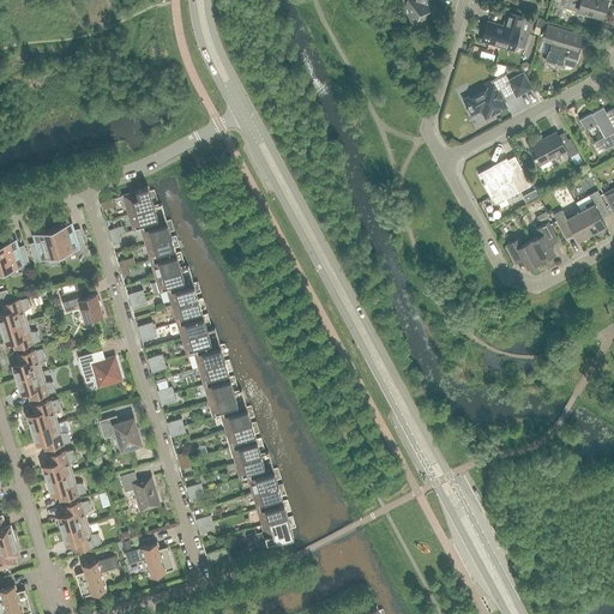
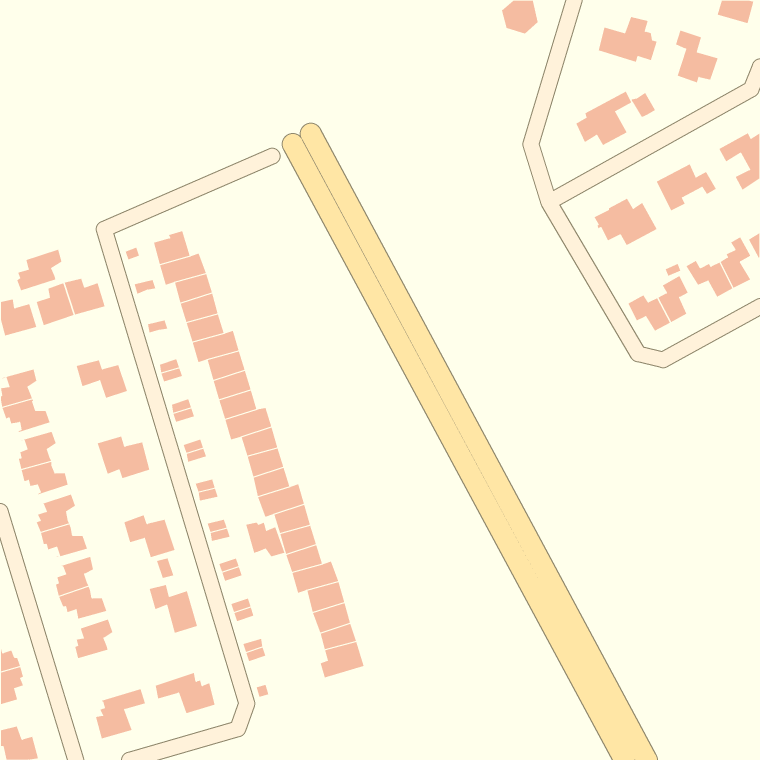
building: none -> [17,249,62,291]
building: none -> [245,522,285,557]
building: [62,524,101,550] -> none

